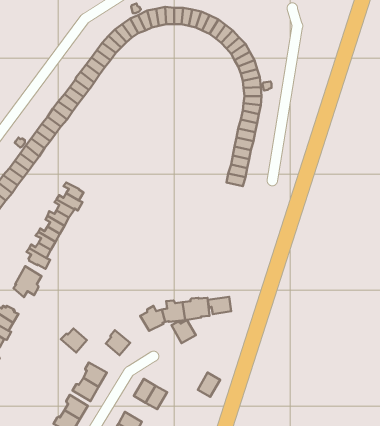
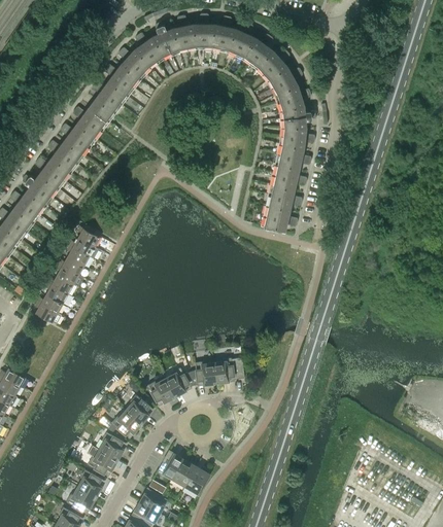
building: [13,266,41,297] -> none
building: [208,297,231,314] -> none
building: [172,320,196,343] -> [147,379,175,406]
building: [61,328,87,353] -> [111,411,141,438]
building: [198,373,220,397] -> [184,466,210,494]

